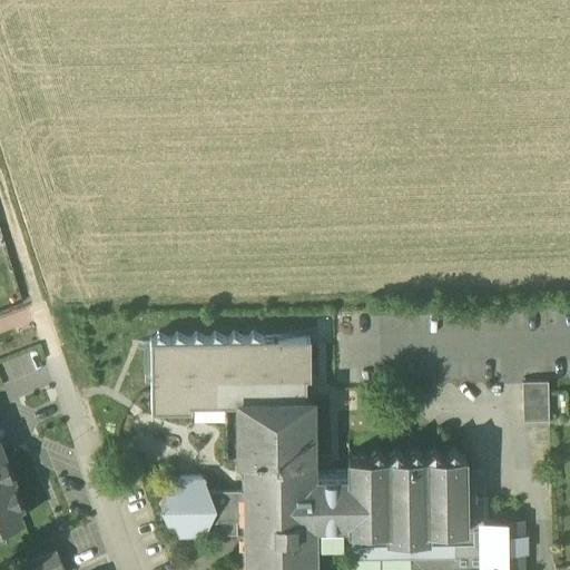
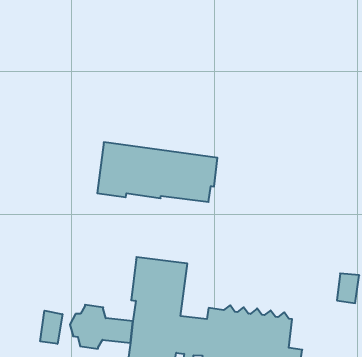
building: [150,341,311,413] -> [97,142,217,202]
building: none -> [40,311,62,344]

